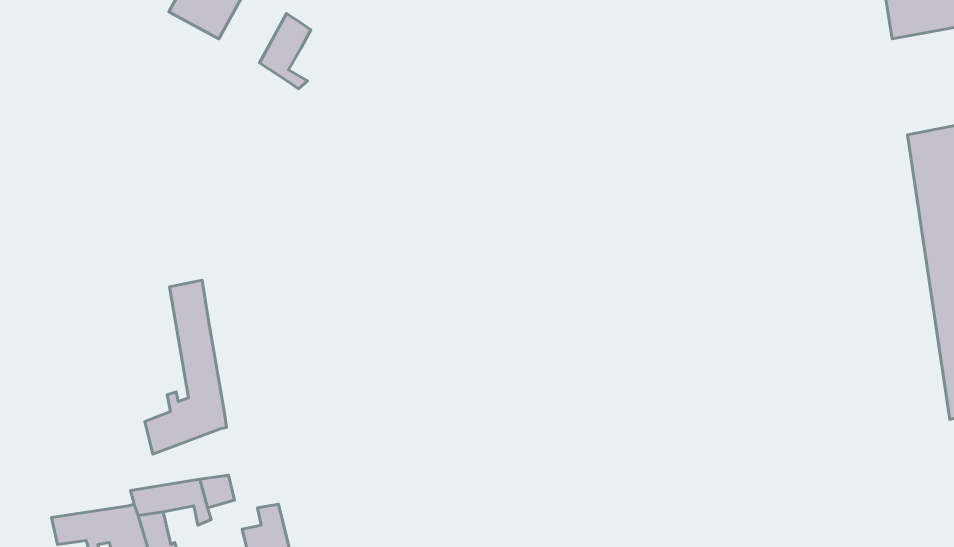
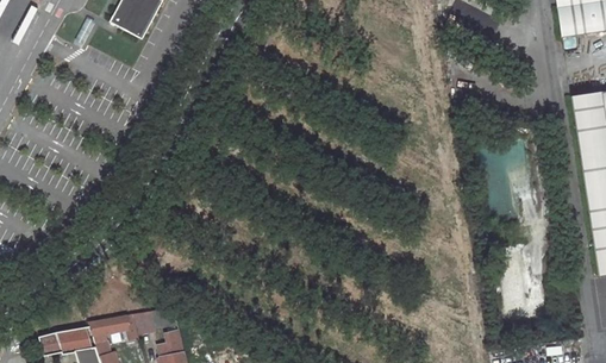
building: [259,14,311,89] -> none
building: [145,280,227,454] -> none

